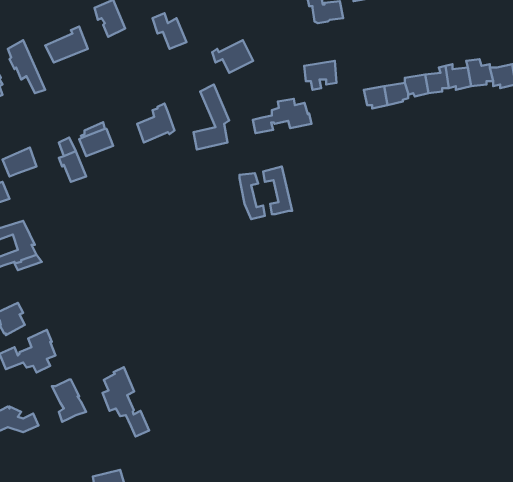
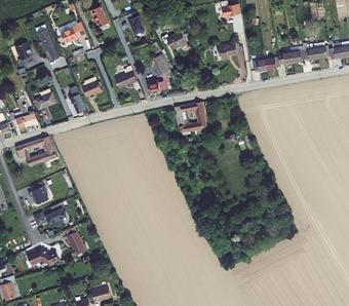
building: [253,99,312,133] -> none
building: [102,367,149,436] -> none

